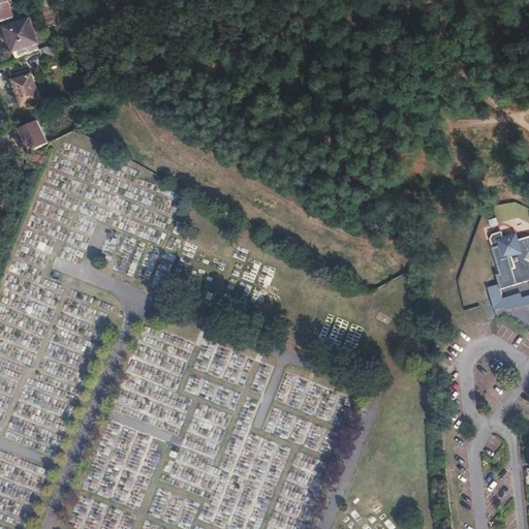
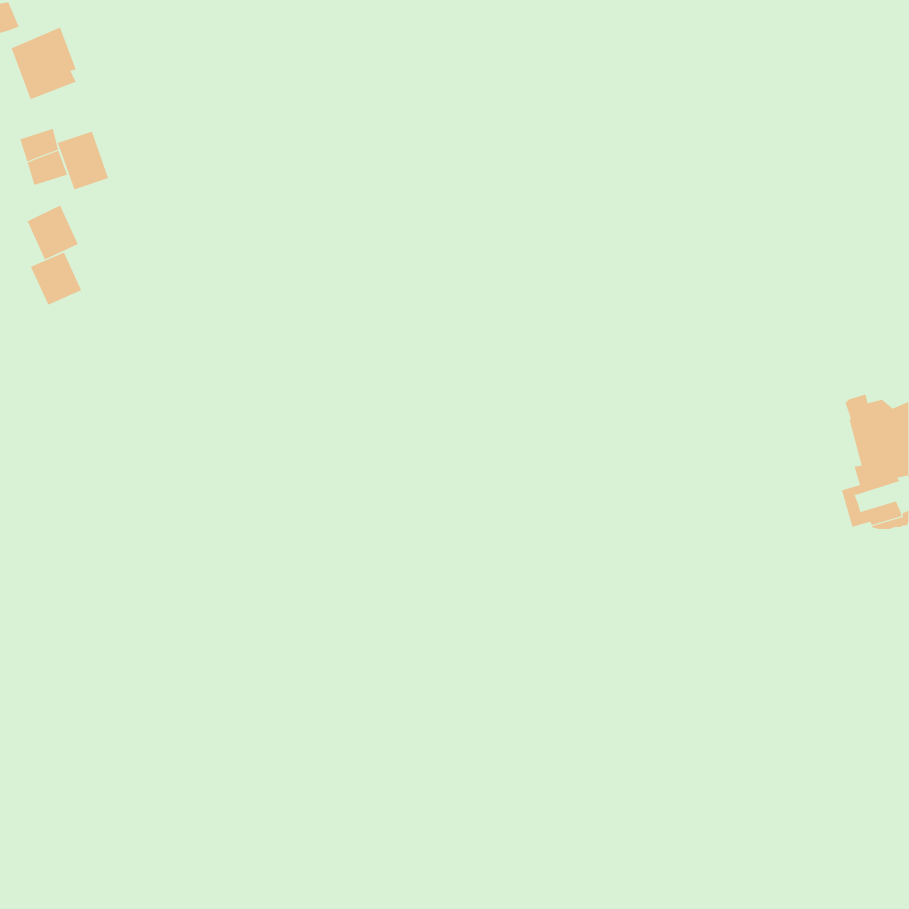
building: none -> [57,131,109,190]
building: none -> [30,252,82,305]

